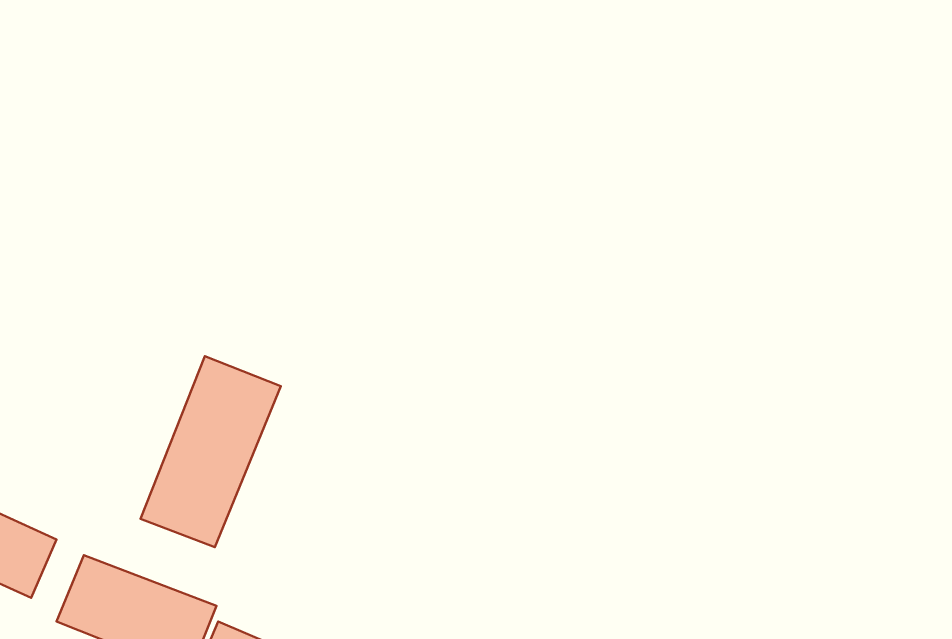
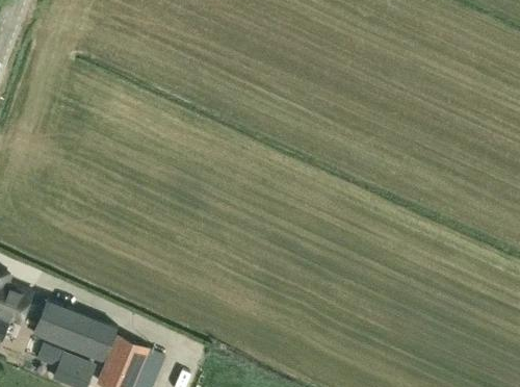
building: [140,356,281,547] -> none

